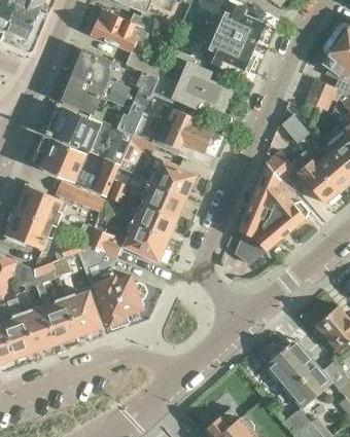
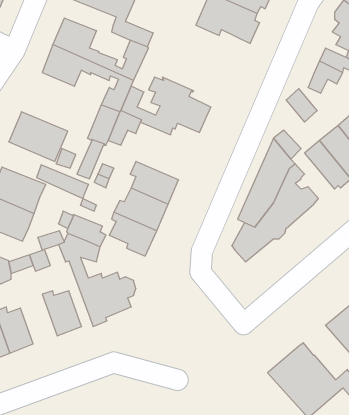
building: [150,47,230,103] -> none
building: [45,106,98,147] -> none
building: [146,161,195,195] -> none
building: [43,291,76,341] -> none

